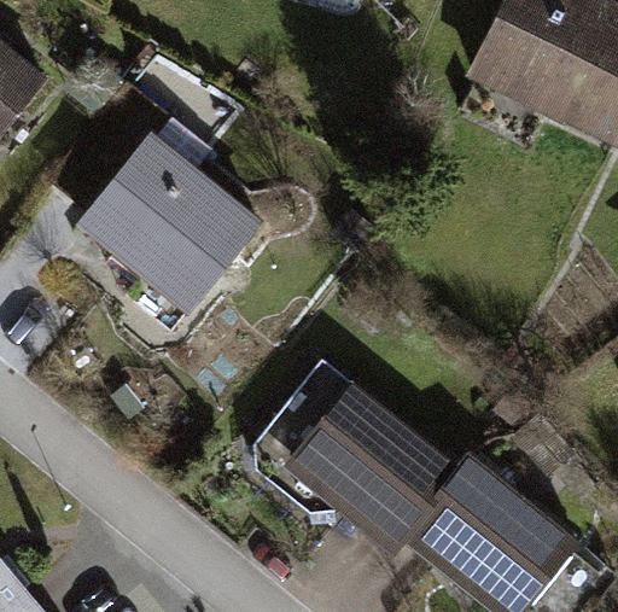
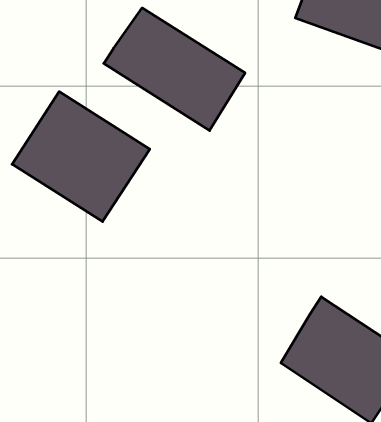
building: none -> [104,8,245,131]
building: [269,372,443,542] -> none

